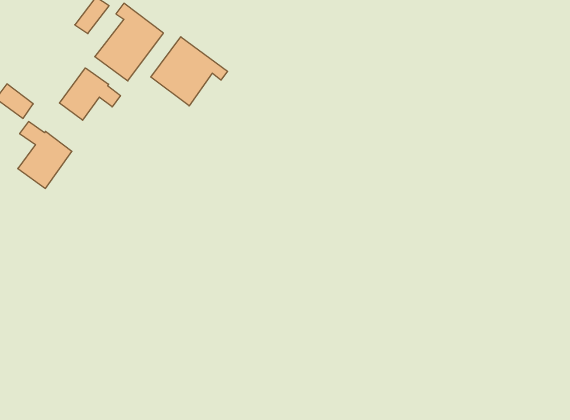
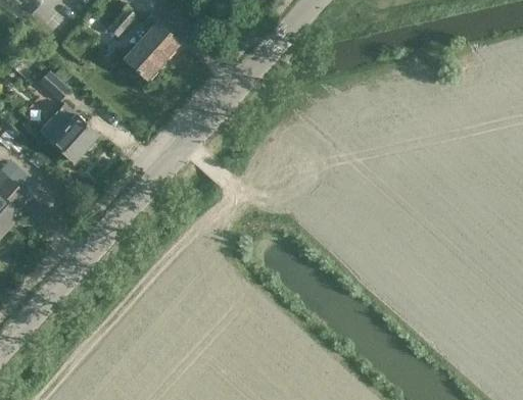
building: [151,37,228,106] -> none
building: [59,68,120,120] -> none

